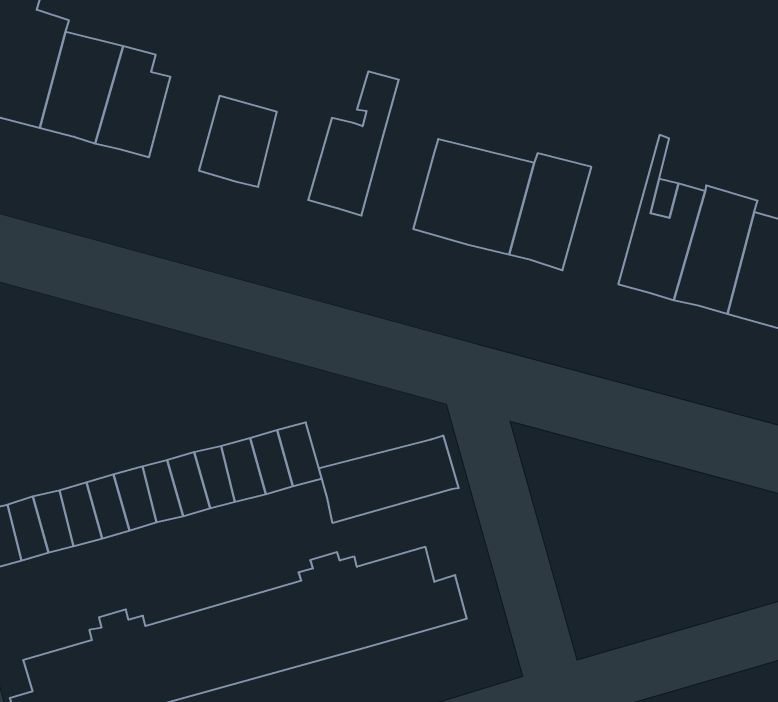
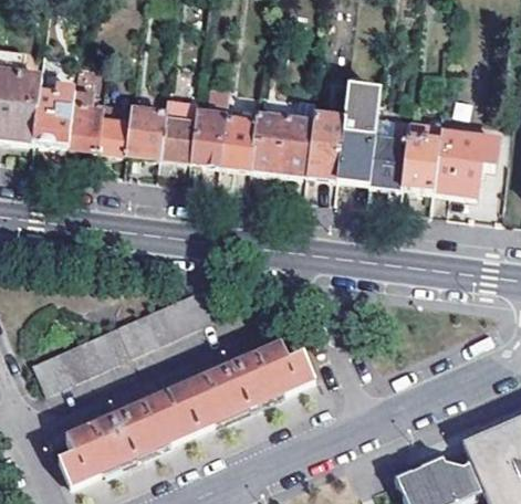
building: none -> [97,103,132,153]
building: none -> [158,102,197,174]
building: none -> [336,88,379,182]
building: none -> [220,119,256,168]
building: [319,435,459,523] -> none

